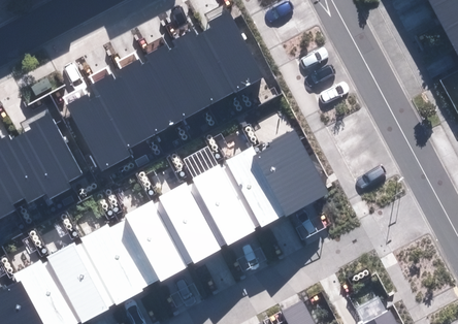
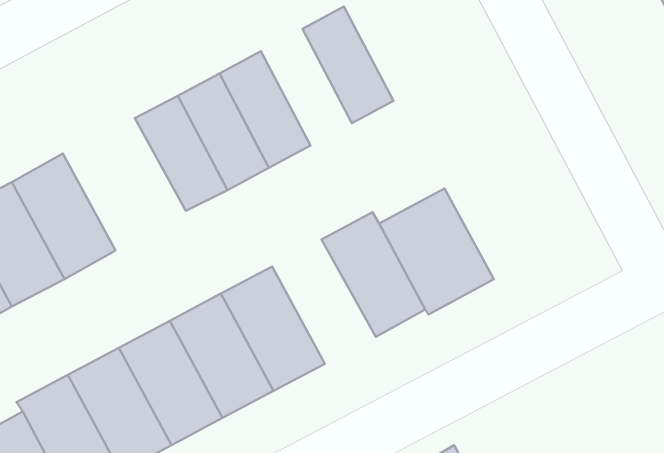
building: [175,32,234,107] -> none
building: [67,90,127,164] -> none
building: [183,168,250,249] -> none

